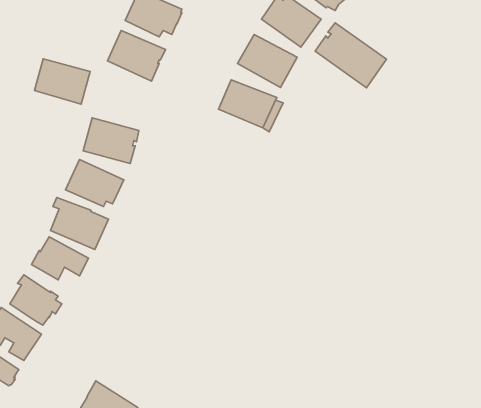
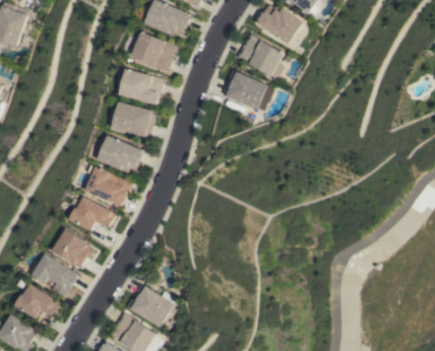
building: [315,23,387,88] -> none
building: [34,59,90,104] -> [120,69,165,106]
building: none -> [126,284,175,328]

